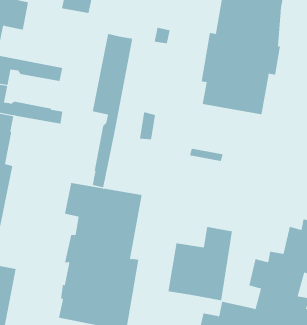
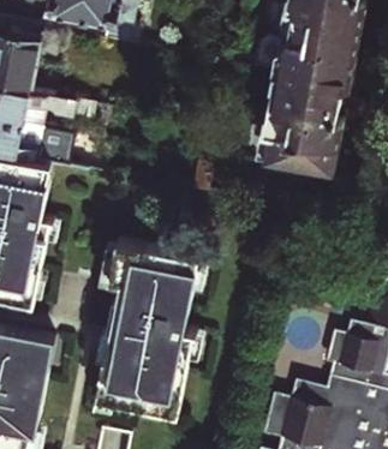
building: [92,33,133,188] -> none
building: [168,226,233,301] -> none

